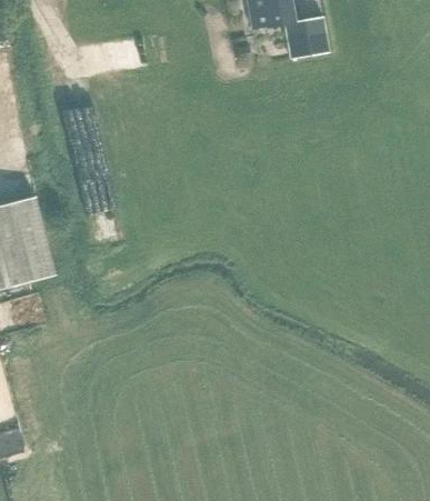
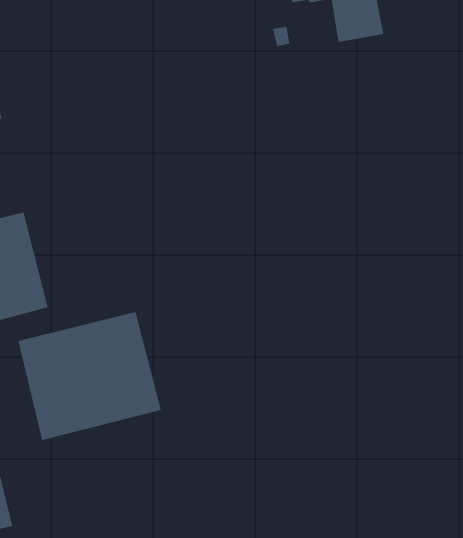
building: none -> [18,311,161,441]

